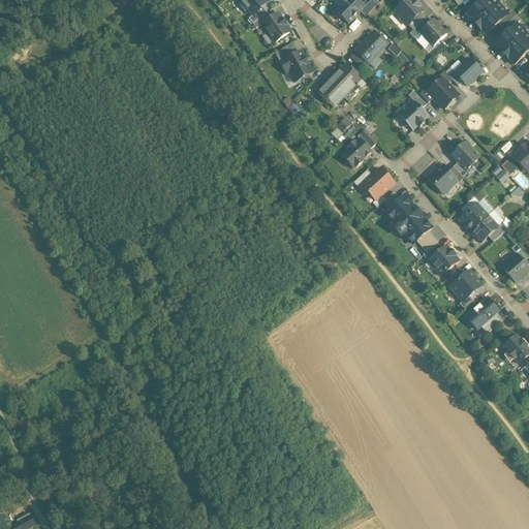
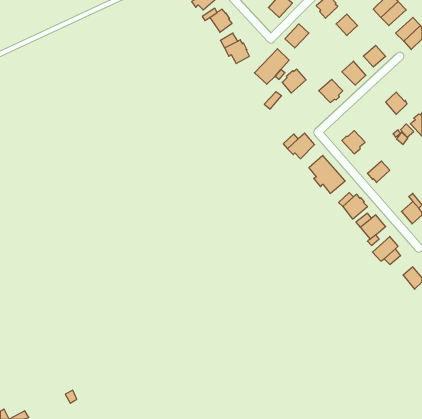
building: [342,136,372,166] -> [282,69,306,93]
building: [453,141,479,168] -> [386,92,407,114]
building: [470,213,498,241] -> none

